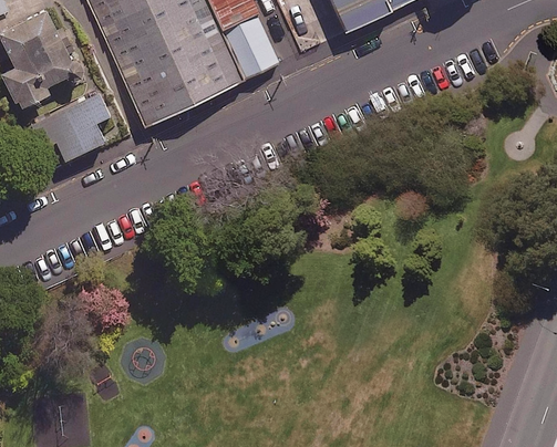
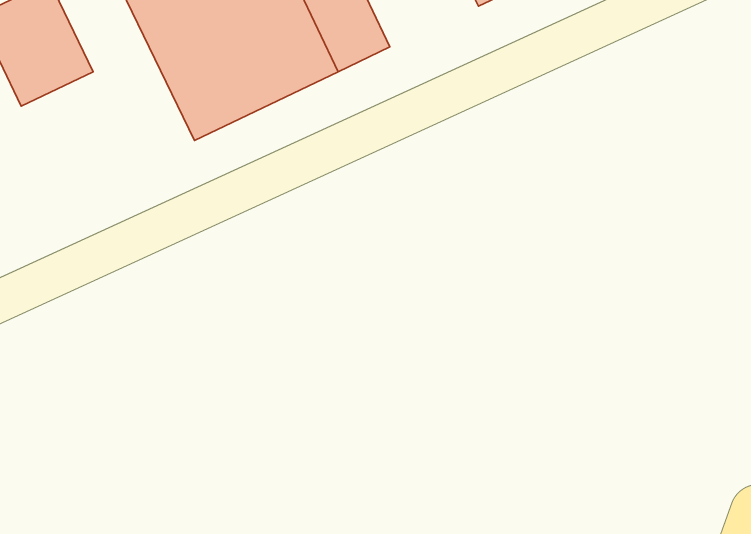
building: [40,90,109,163] -> none

